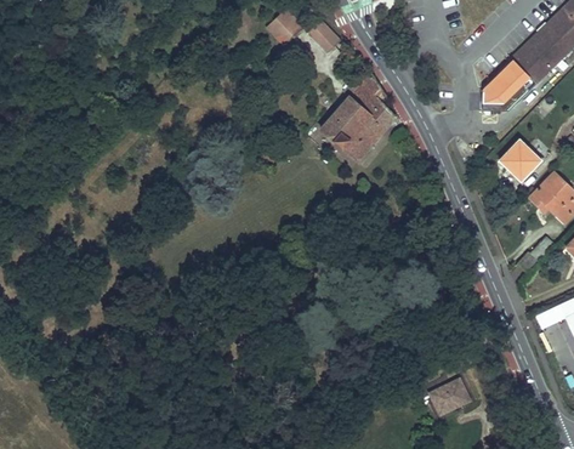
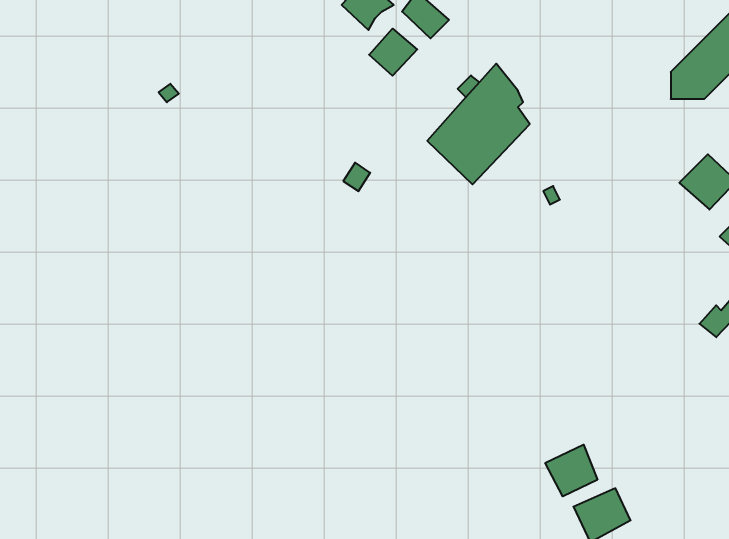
building: none -> [369,29,417,76]
building: none -> [545,445,597,496]

